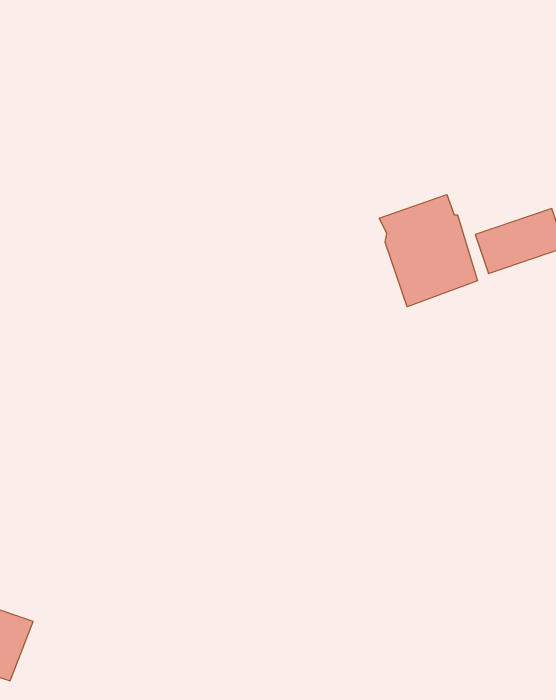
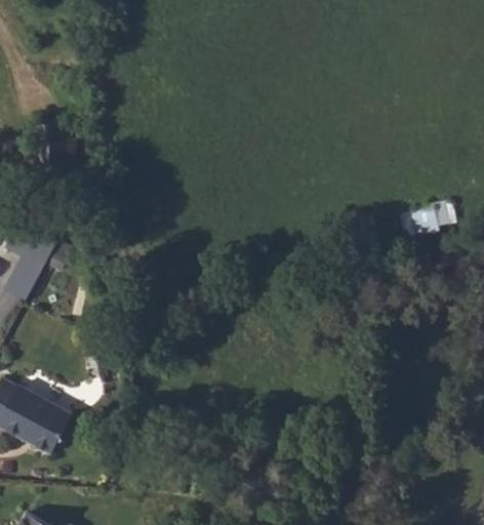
building: [379,195,477,307] -> none

